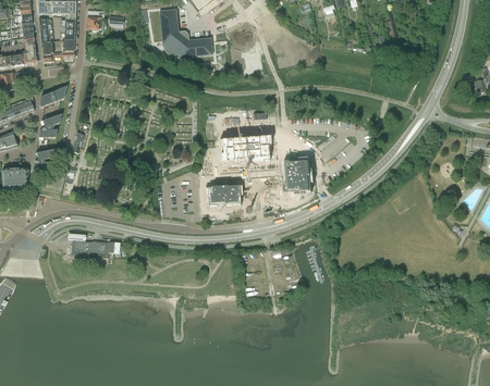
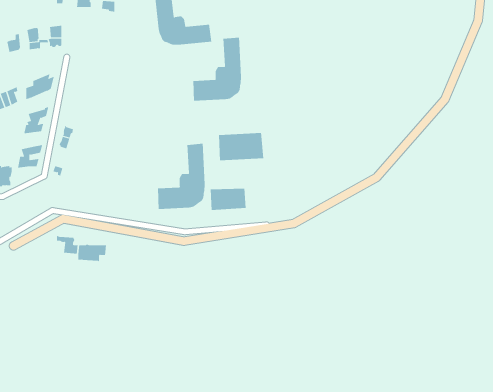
building: none -> [193,37,242,102]
building: none -> [157,143,205,210]
building: [285,160,309,190] -> none

